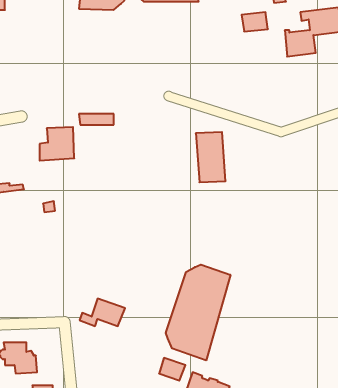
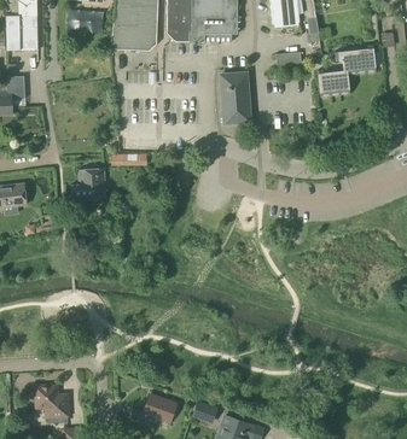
building: [196,132,226,182] -> [220,72,250,123]
building: [166,265,230,360] -> none
building: [80,299,125,326] -> [130,393,176,421]

